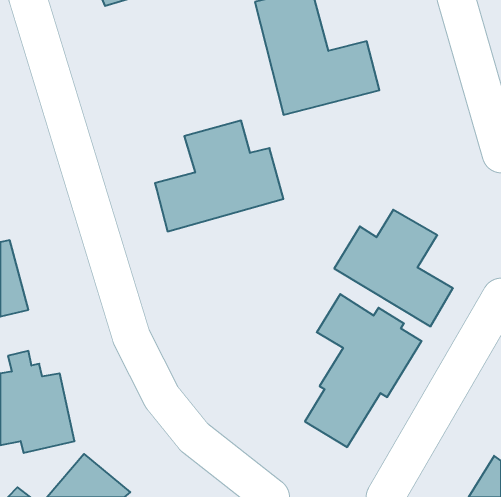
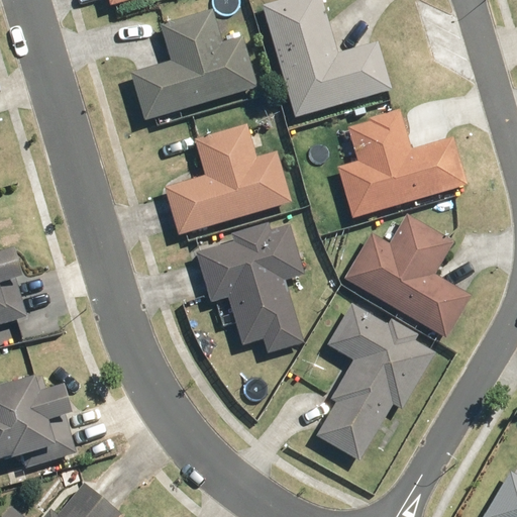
building: none -> [128,8,257,122]
building: none -> [335,110,467,217]
building: none -> [191,220,304,353]

